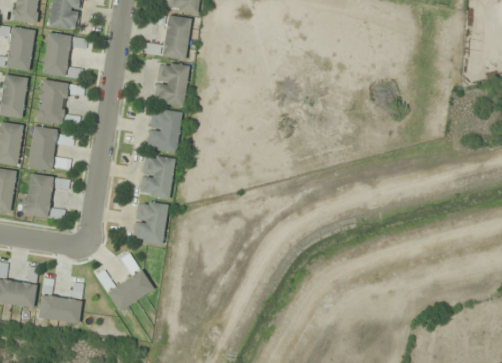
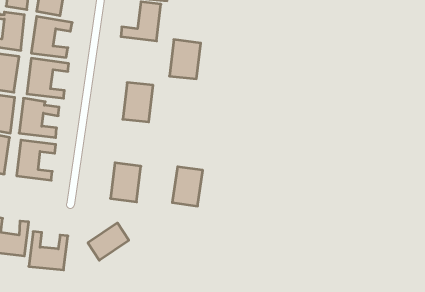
building: [154,62,190,107] -> [169,40,201,79]
building: [140,155,175,200] -> [172,167,203,206]

